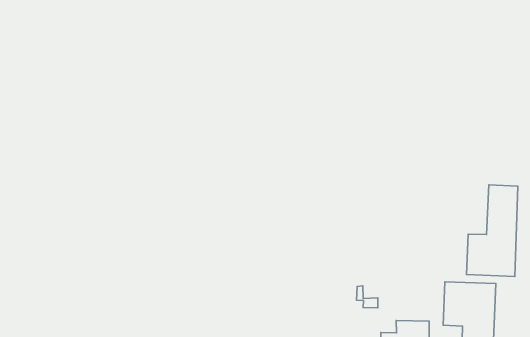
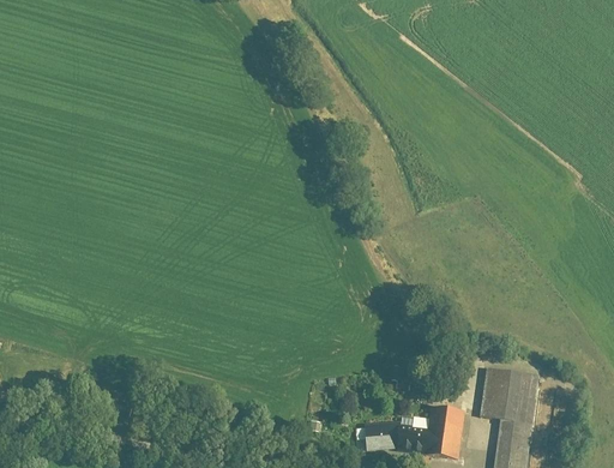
building: [467,185,518,276] -> none

